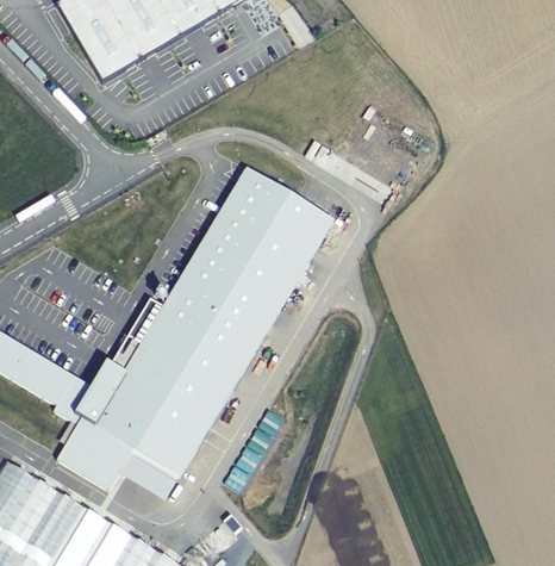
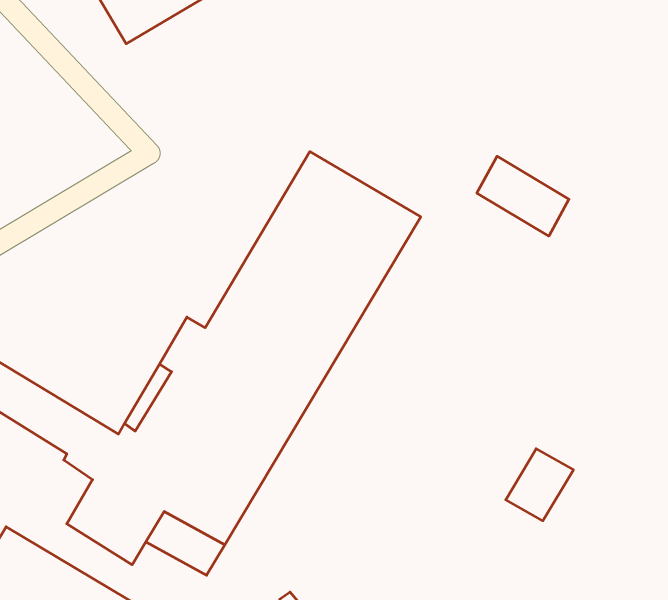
building: none -> [477,156,569,236]
building: none -> [506,449,573,521]

